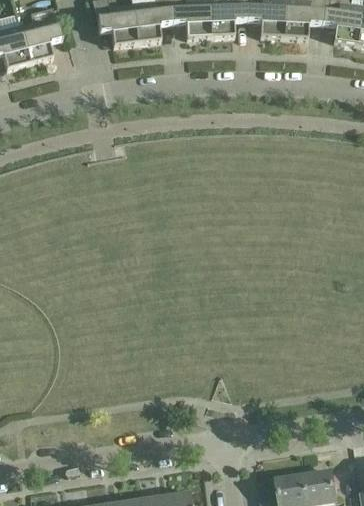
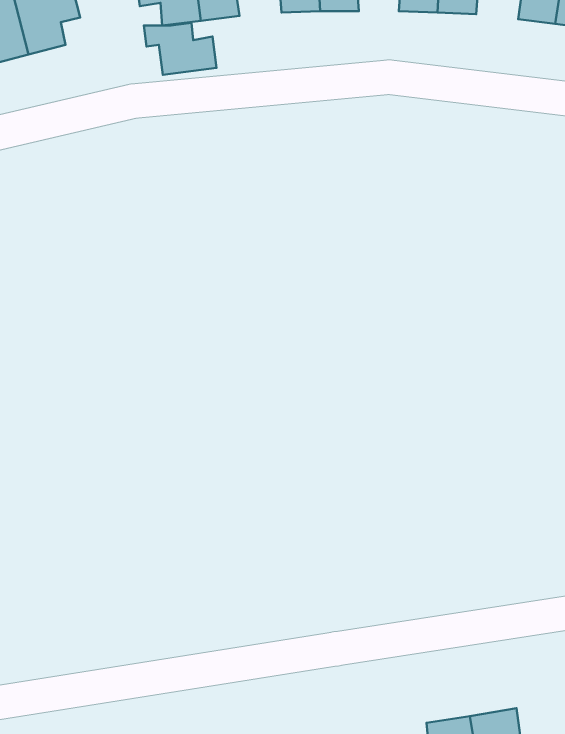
building: none -> [144,23,216,75]

